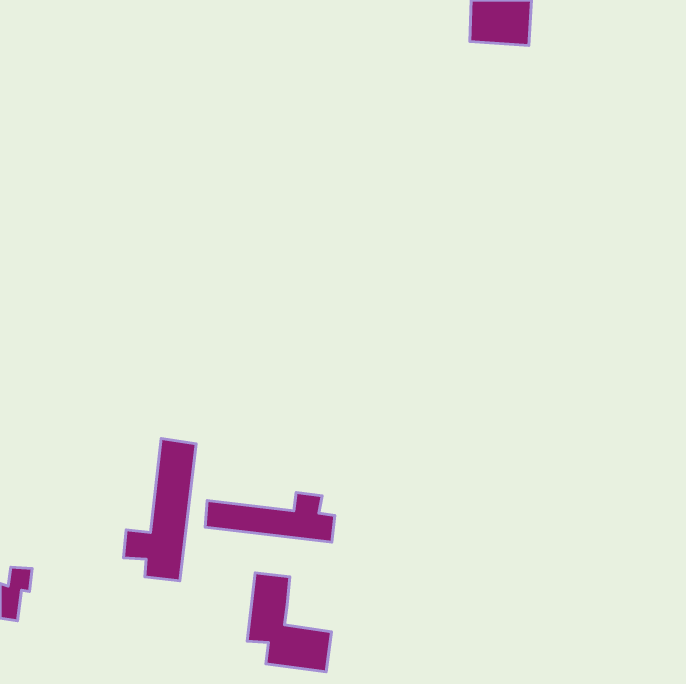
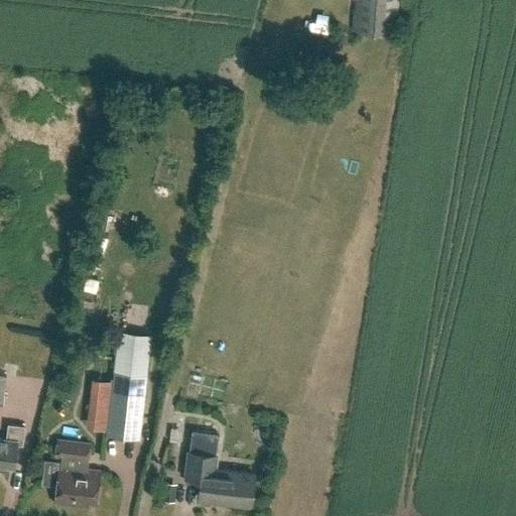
building: [205,492,335,542] -> none
building: none -> [54,440,101,508]

